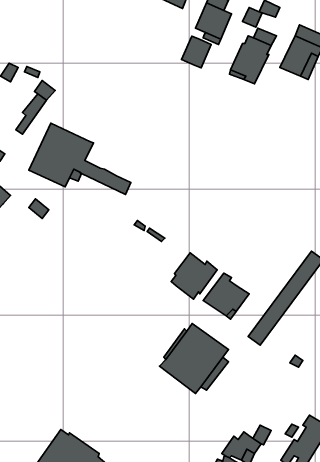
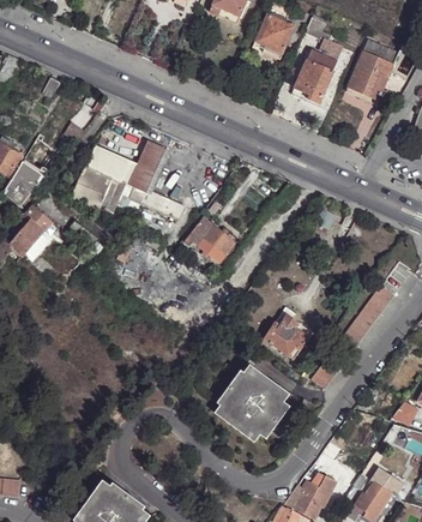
building: [182,36,211,68] -> none
building: none -> [132,142,168,193]
building: none -> [183,218,233,262]
building: [171,253,217,299] -> none

